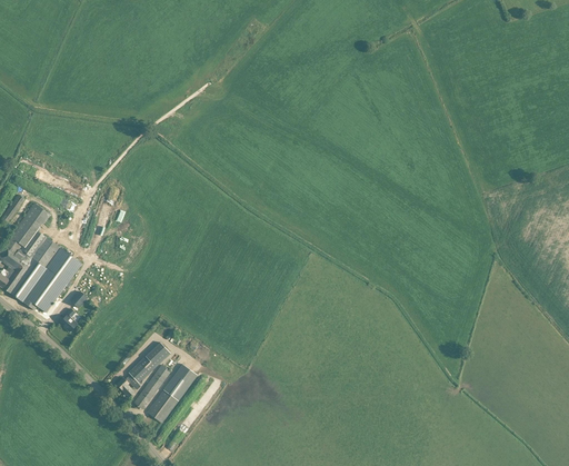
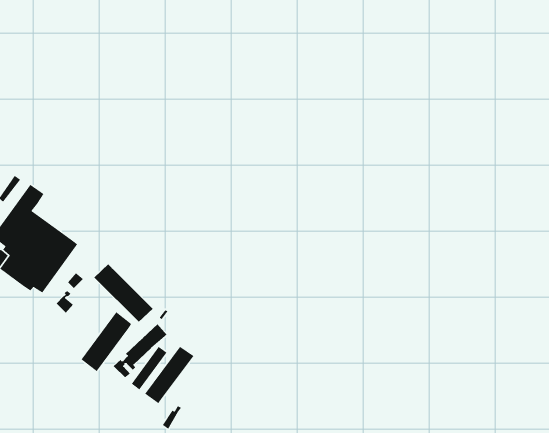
building: none -> [94,264,154,323]
building: none -> [81,311,132,372]

